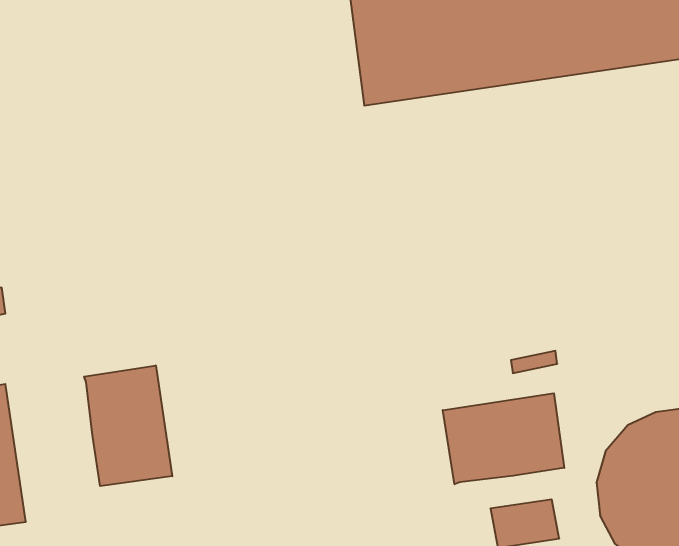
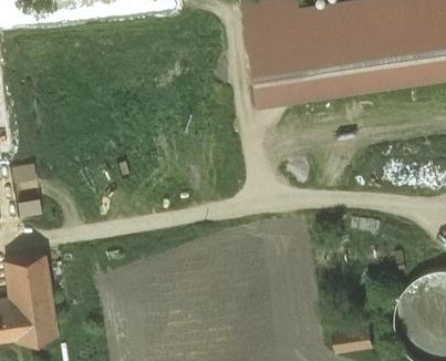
building: [84,365,172,486] -> none
building: [443,393,564,484] -> none

